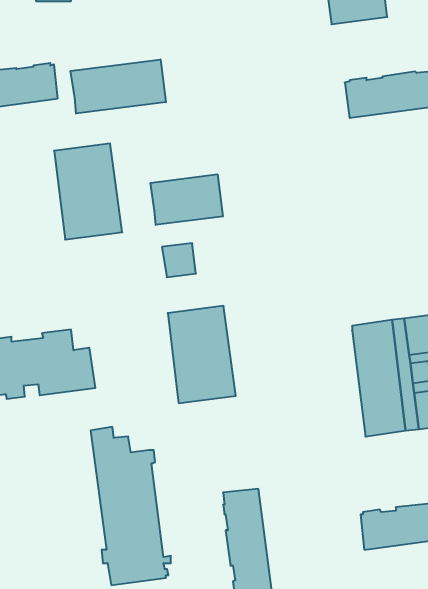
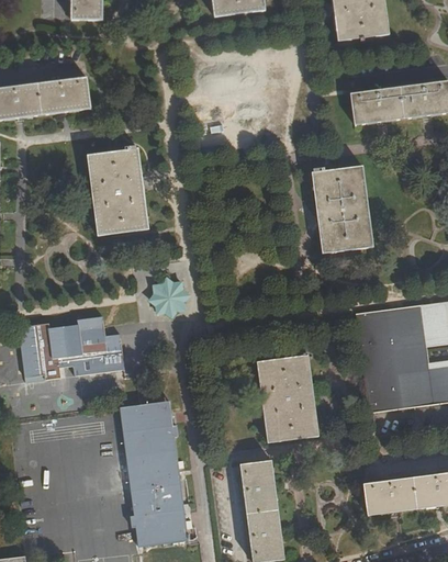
building: [71,59,166,114] -> none
building: none -> [312,166,372,252]
building: [150,174,223,225] -> none
building: [162,243,196,277] -> [153,281,183,312]
building: [168,306,236,403] -> [257,355,318,442]
building: none -> [139,401,172,427]

